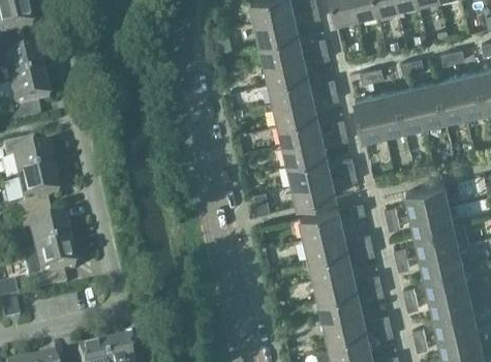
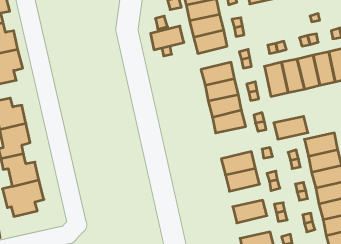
building: [270,76,312,105] -> [151,26,184,50]
building: [293,178,336,207] -> [274,116,308,139]
building: [310,251,352,280] -> none
building: [319,292,362,321] -> none

